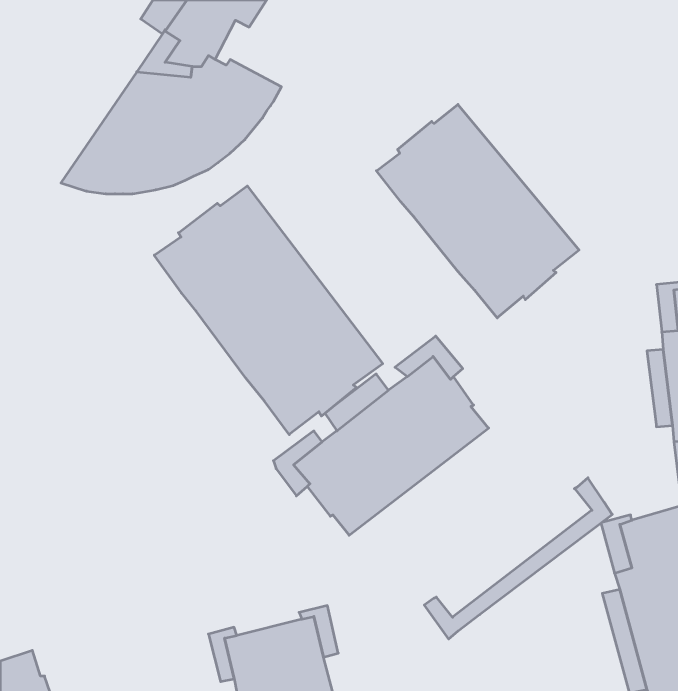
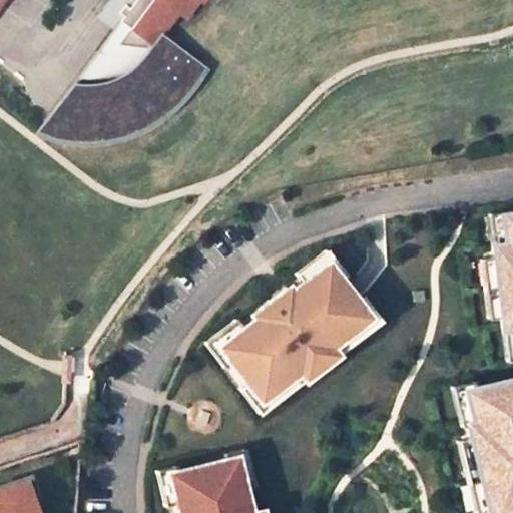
building: [376,104,579,318] -> none
building: [154,186,383,435] -> none
building: [424,478,612,639] -> [247,294,387,413]

